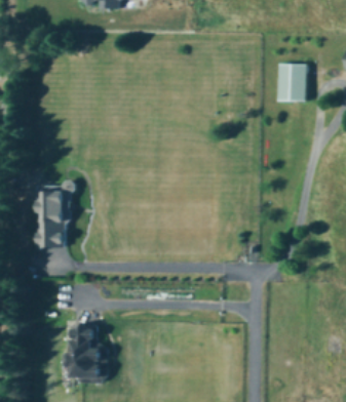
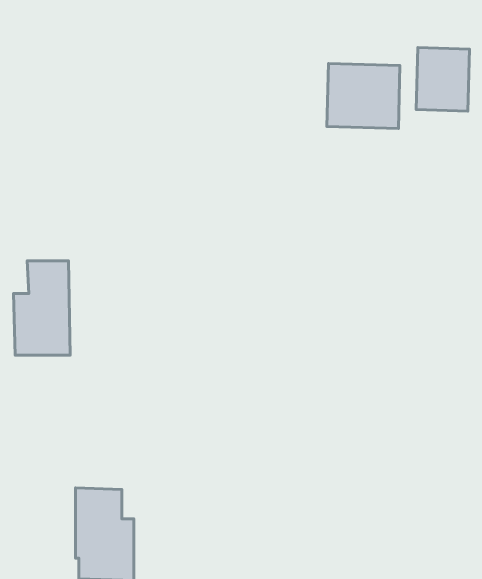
building: none -> [327,64,400,129]

